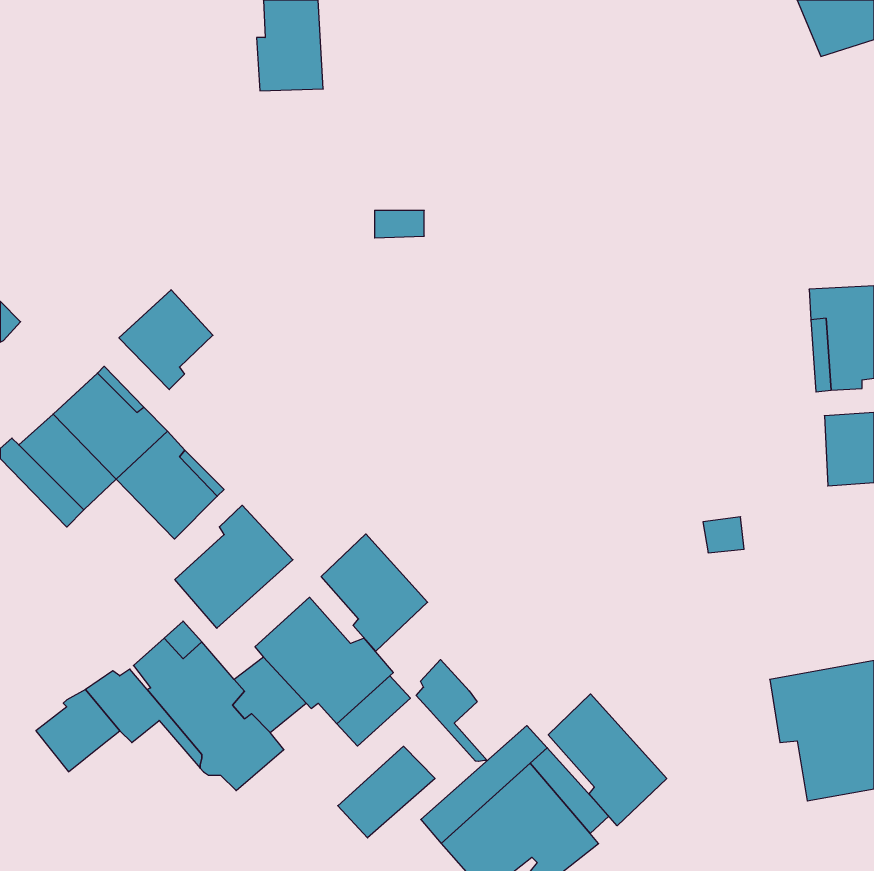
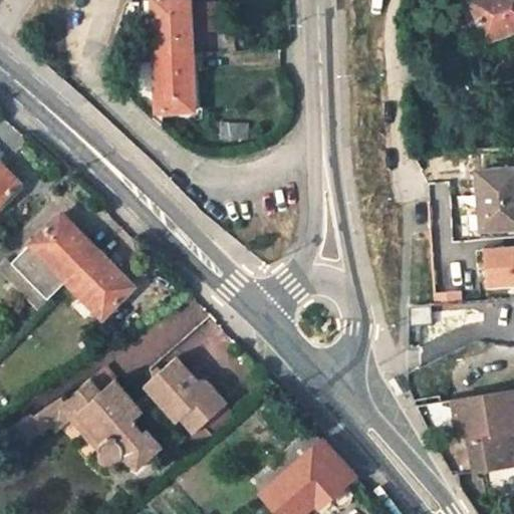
building: none -> [153,54,193,113]
building: [119,290,213,390] -> none
building: [175,505,293,628] -> none
building: [321,534,428,651] -> none
building: [416,660,487,761] -> none
building: [548,694,667,826] -> none
building: [338,746,435,838] -> none

